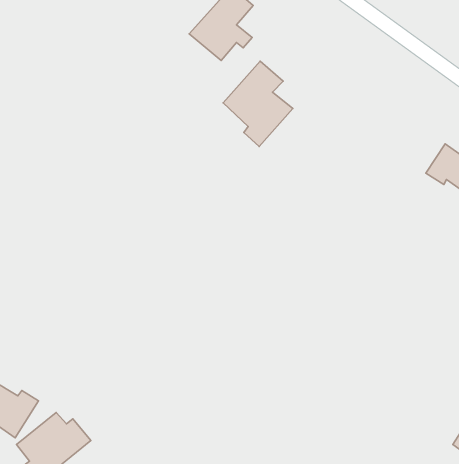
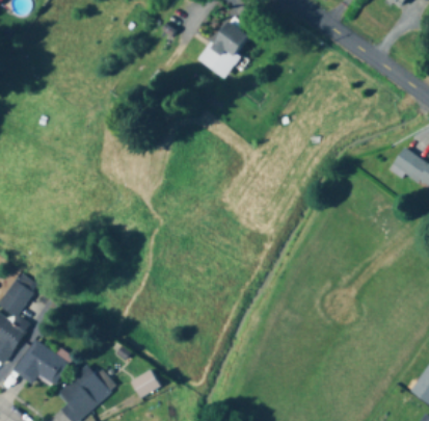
building: [223,61,293,146] -> none
building: none -> [131,369,160,397]

